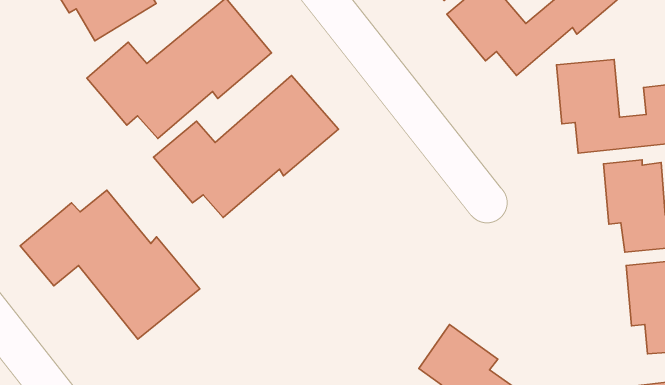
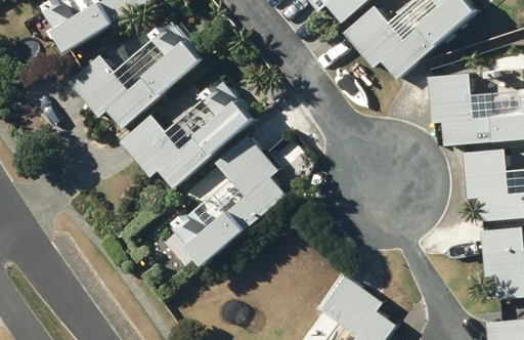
building: none -> [171,136,285,269]
building: [20,190,200,339] -> none

